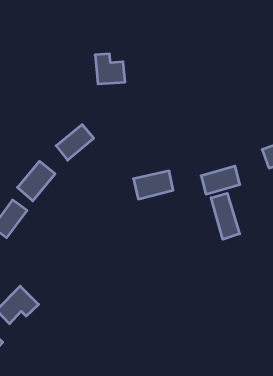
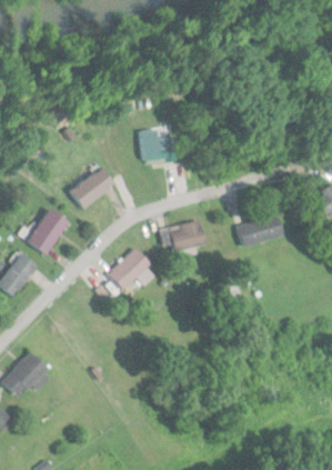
building: [95,54,125,84] -> [141,129,175,163]
building: [211,193,240,239] -> none
building: none -> [108,248,151,289]

